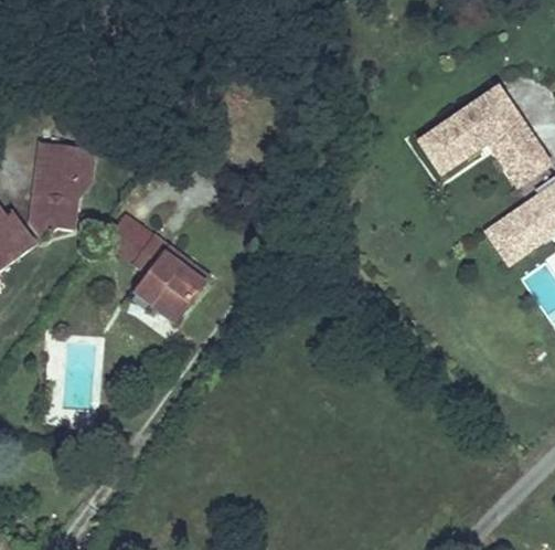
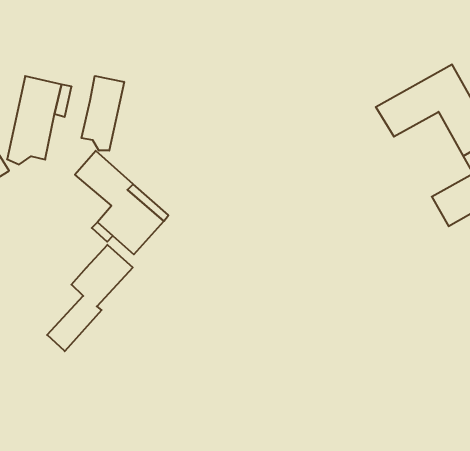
building: none -> [81,76,124,151]
building: none -> [47,245,133,351]

